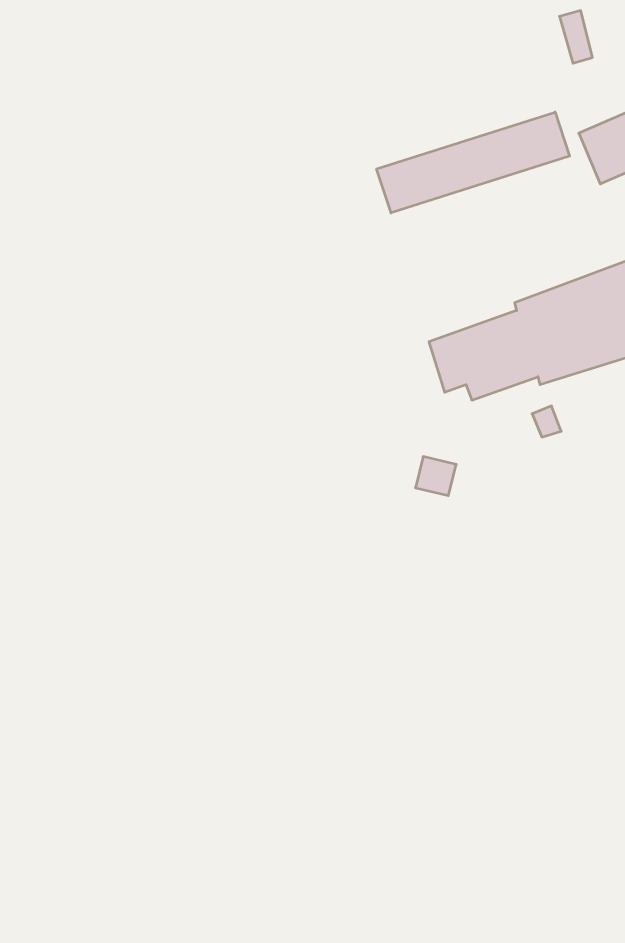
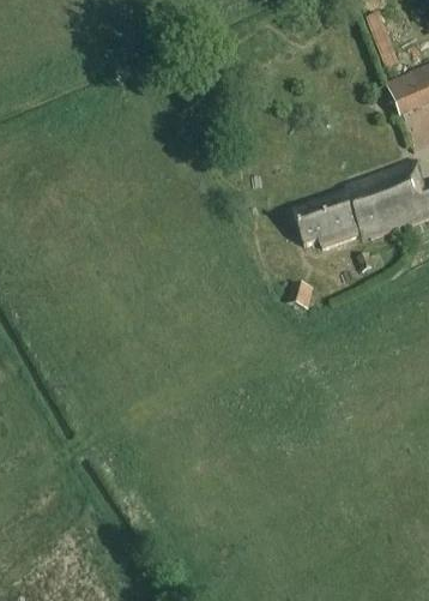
building: [377,112,570,213] -> none

